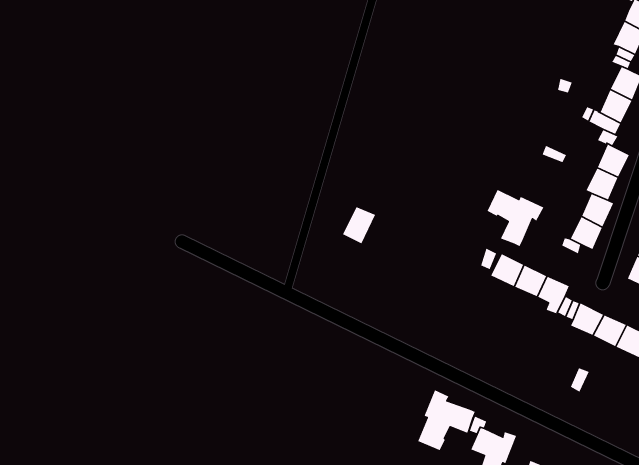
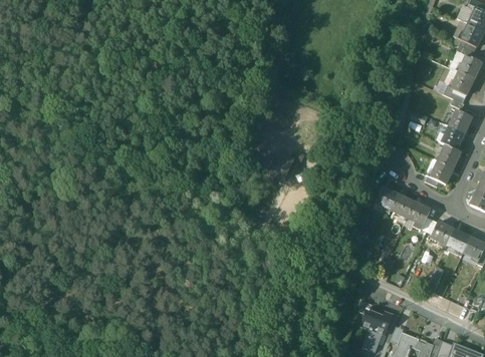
building: [487,189,544,247] -> none
building: [417,389,476,451] -> none

